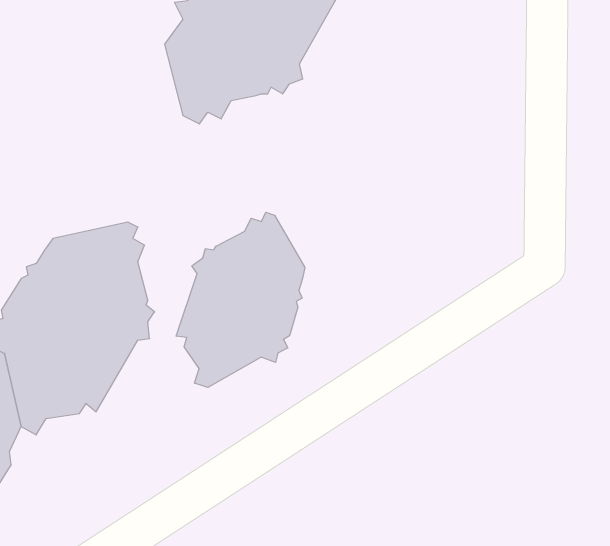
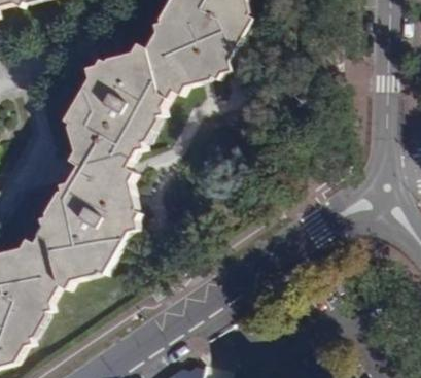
building: none -> [64,43,166,165]
building: [176,212,305,387] -> none

